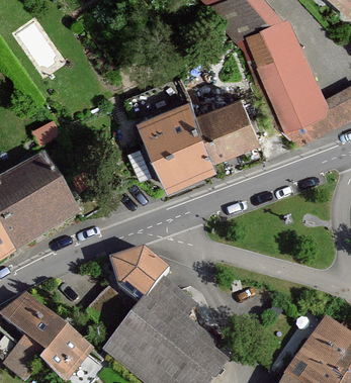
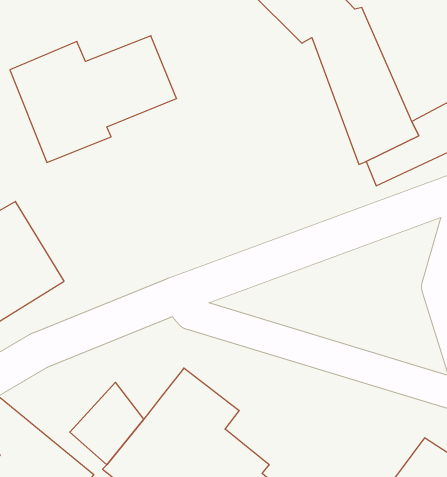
building: [138,95,256,185] -> [10,36,177,162]
building: [109,245,166,294] -> none

